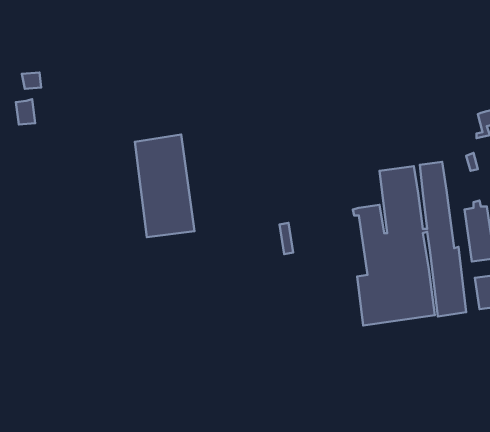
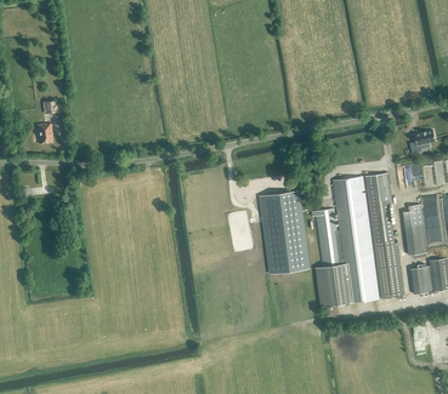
building: [135,134,195,237] -> [260,190,308,274]

